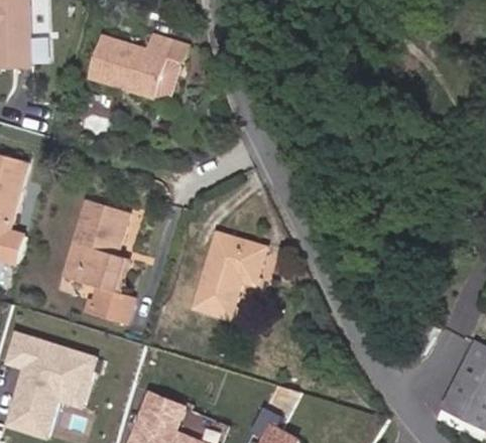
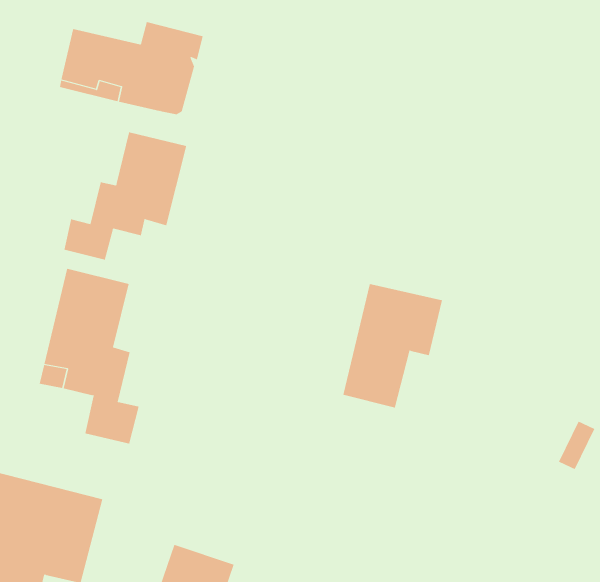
building: none -> [64,131,187,261]
building: [194,234,265,319] -> [343,284,443,408]

